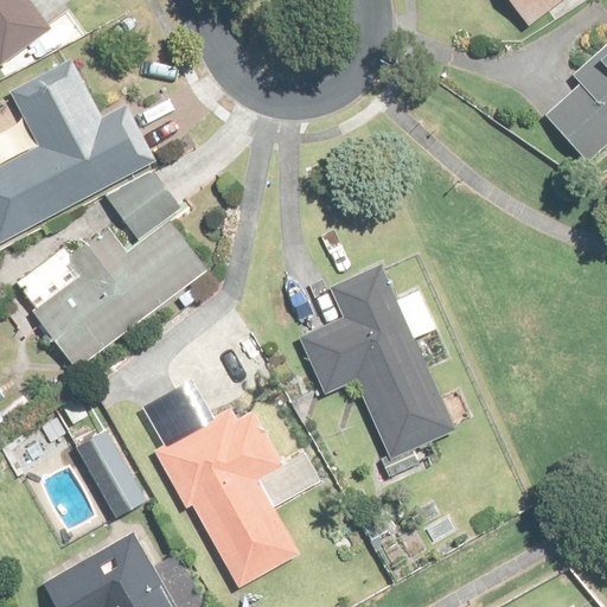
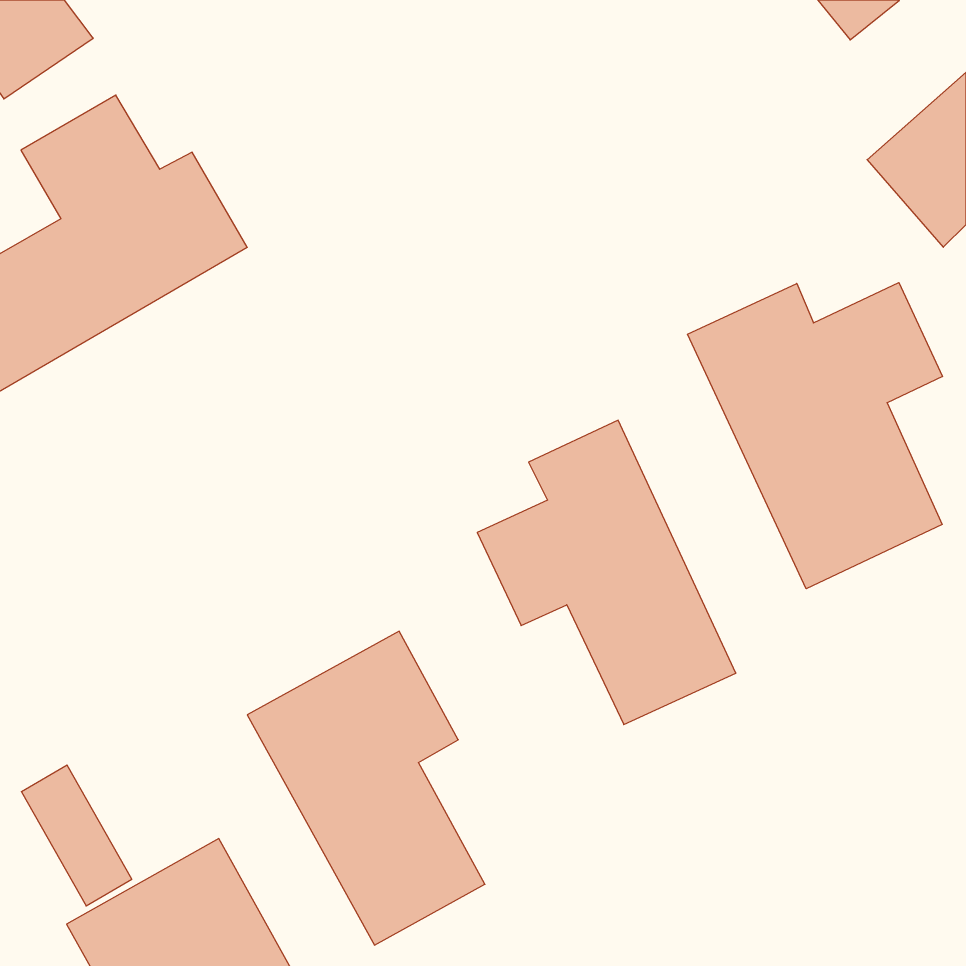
building: [9,166,223,373] -> none
building: none -> [688,283,942,589]
building: [74,428,142,516] -> [21,765,132,906]

